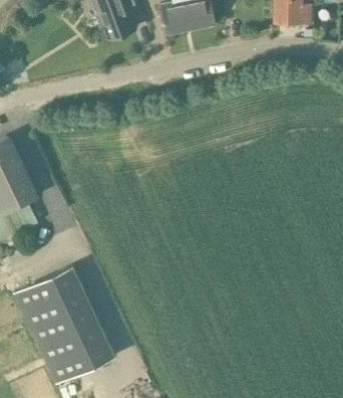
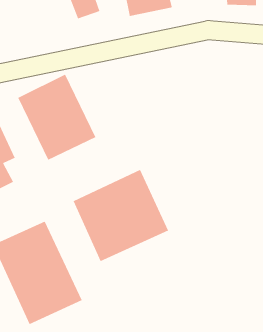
building: none -> [17,74,96,161]
building: none -> [72,169,169,262]

